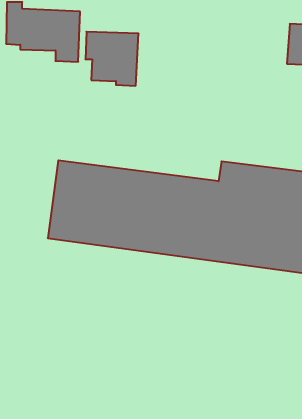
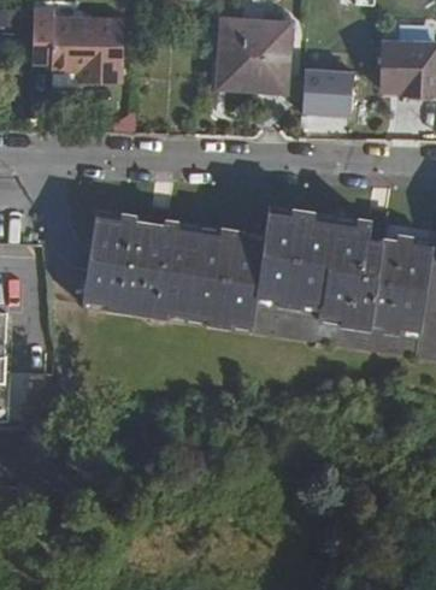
building: [85,32,139,86] -> [219,22,287,90]
building: none -> [299,60,349,108]

